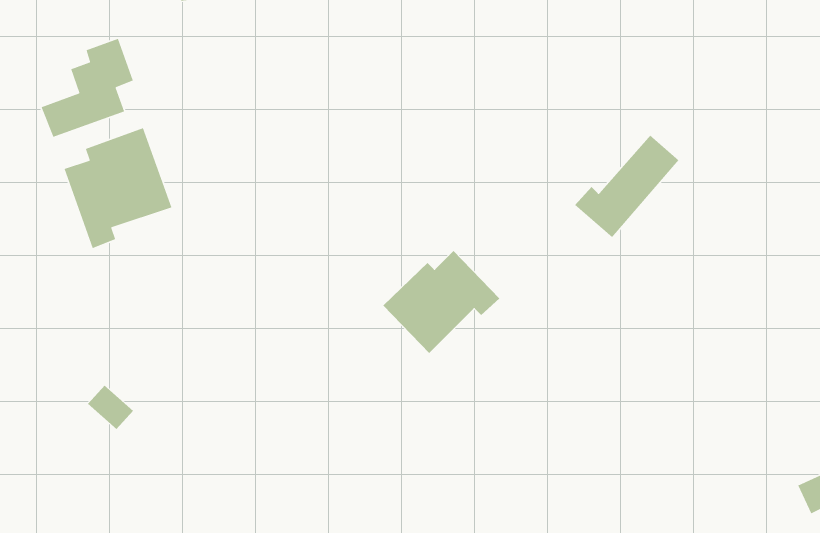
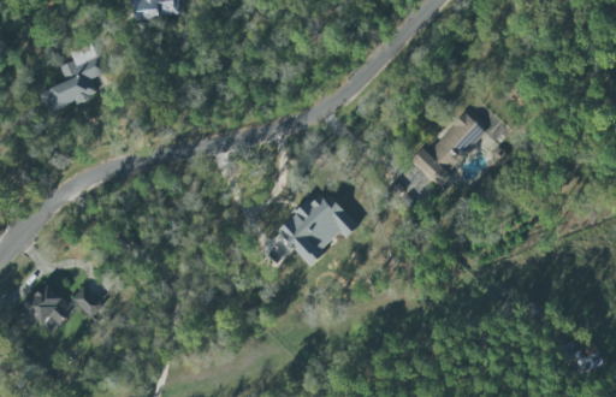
building: [63,127,172,249] -> none
building: none -> [18,280,75,328]

